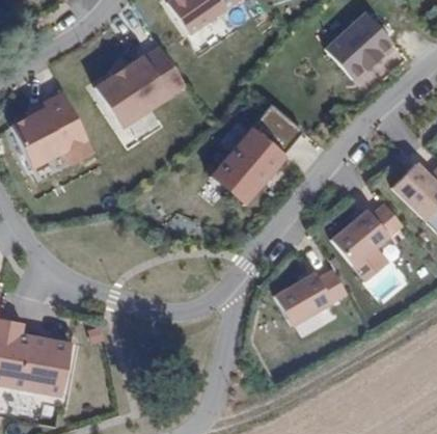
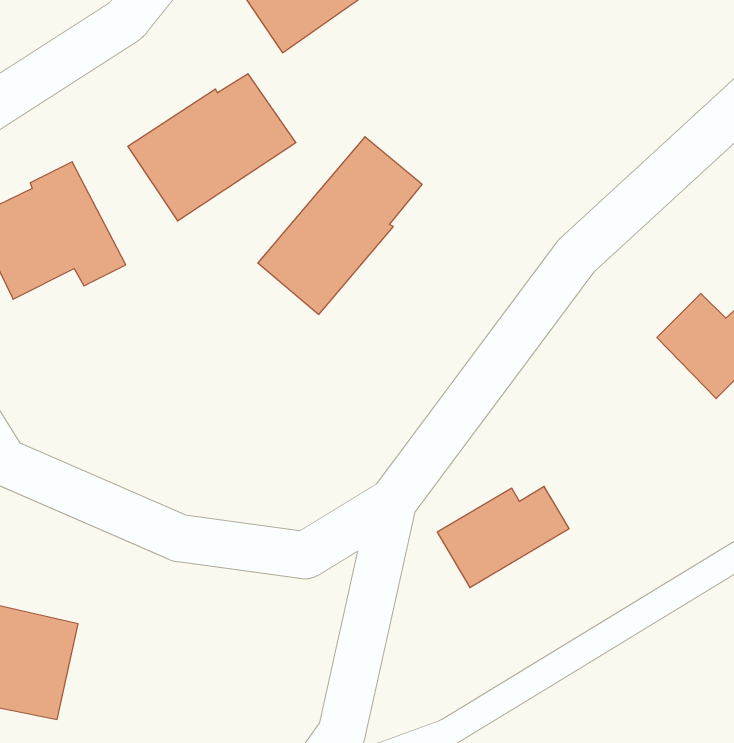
building: [332,15,401,81] -> none
building: [217,105,306,201] -> [258,137,422,314]
building: [324,207,394,268] -> none

